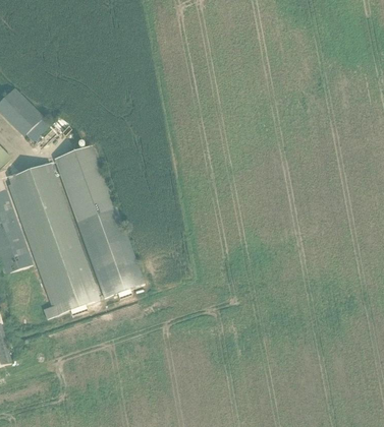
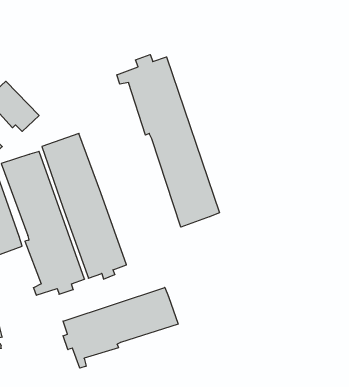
building: none -> [117,55,220,227]
building: none -> [63,287,178,368]

